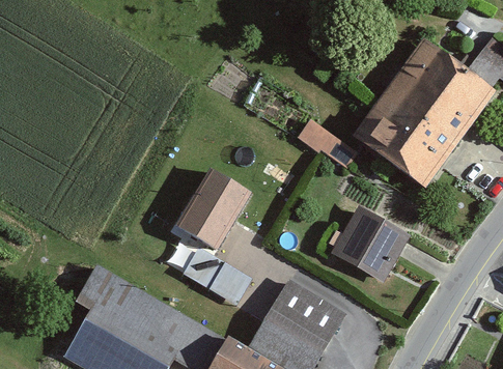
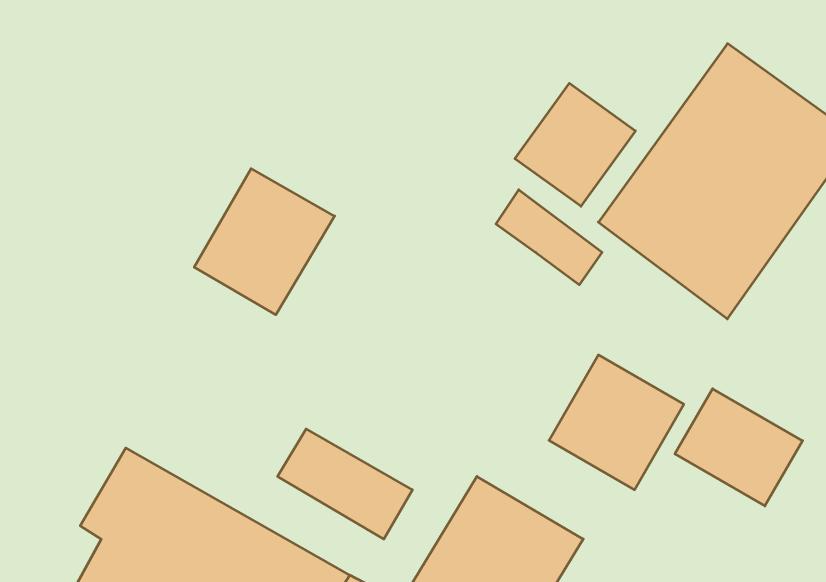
building: none -> [515,83,635,206]
building: [170,174,247,254] -> [194,169,335,315]
building: none -> [675,389,803,506]

